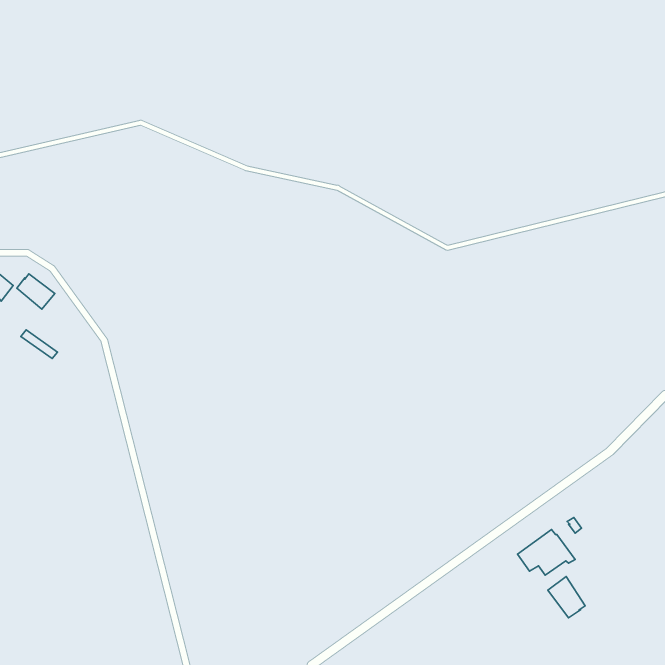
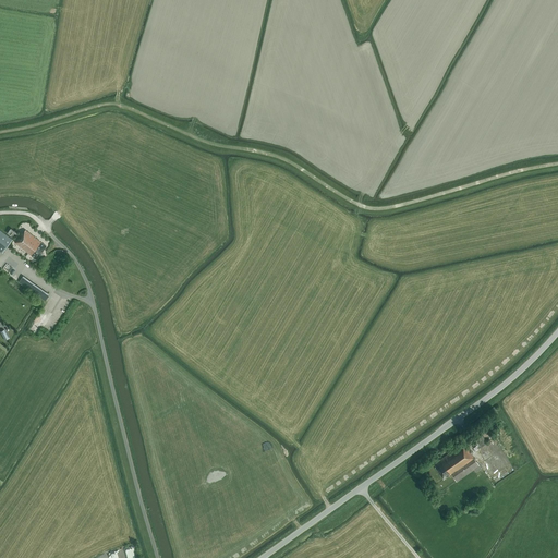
building: [548,577,585,618] -> none

